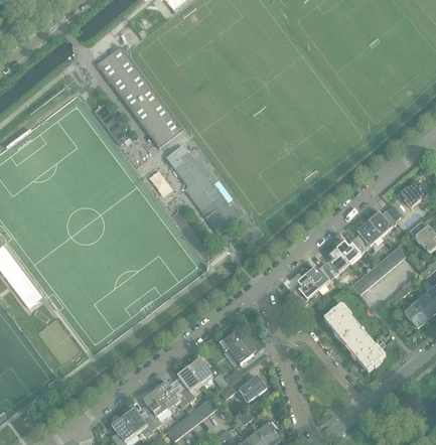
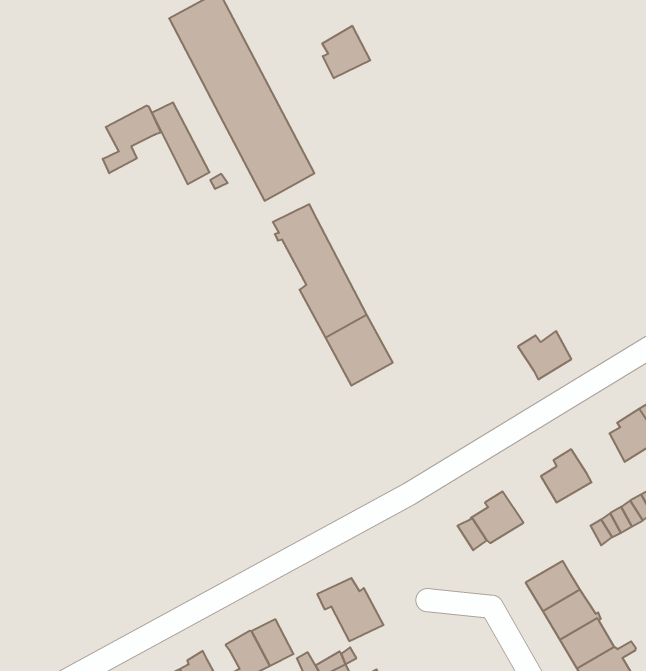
building: none -> [322,26,370,78]
building: none -> [103,106,161,173]
building: [335,237,364,263] -> [518,331,571,379]
building: [304,264,332,289] -> none

